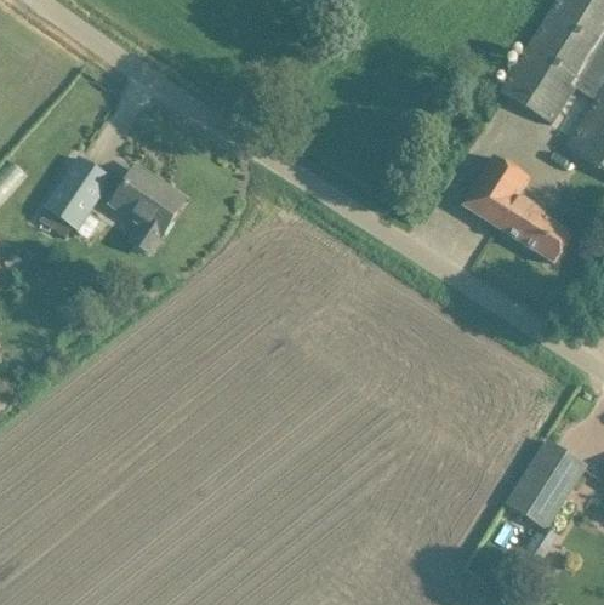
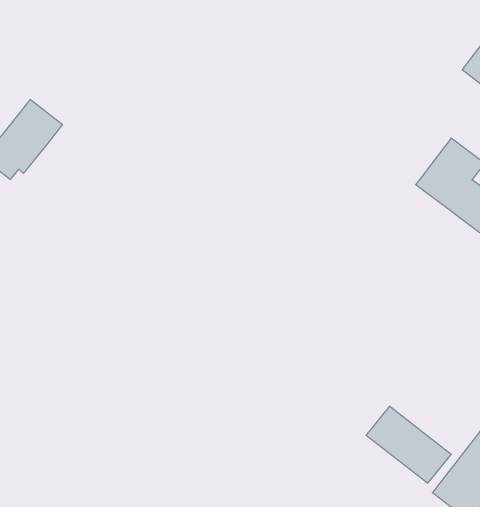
building: [113,170,186,255] -> none
building: none -> [366,406,451,483]

